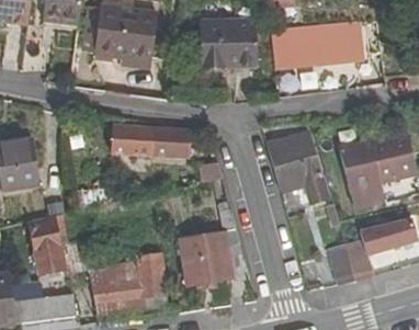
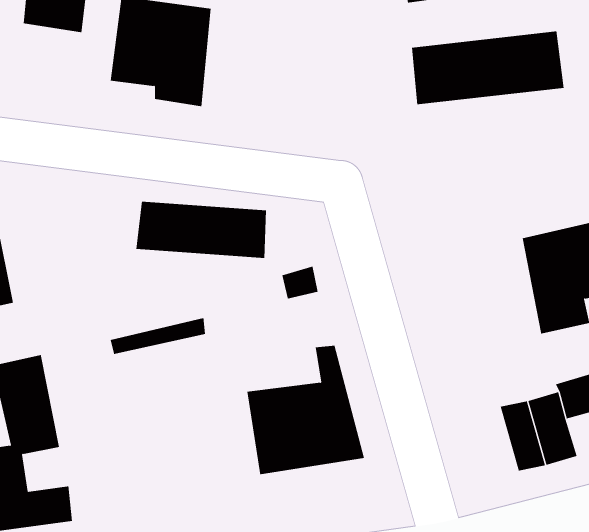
building: [195,12,258,65] -> none
building: [265,130,329,205] -> none
building: [83,257,161,316] -> none

